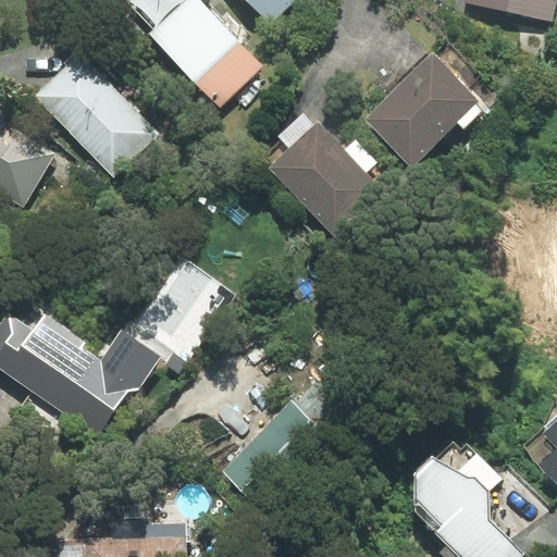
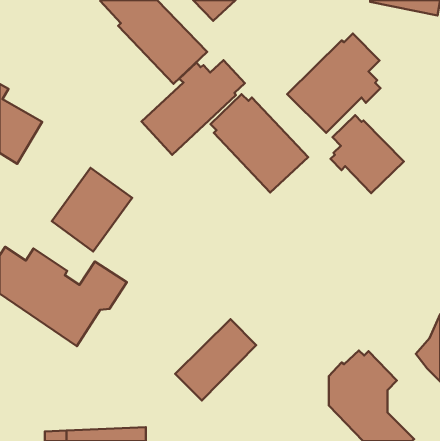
building: [35,53,157,176] -> none
building: none -> [141,60,245,155]
building: none -> [331,115,404,193]
building: [135,257,236,362] -> [52,168,132,251]

